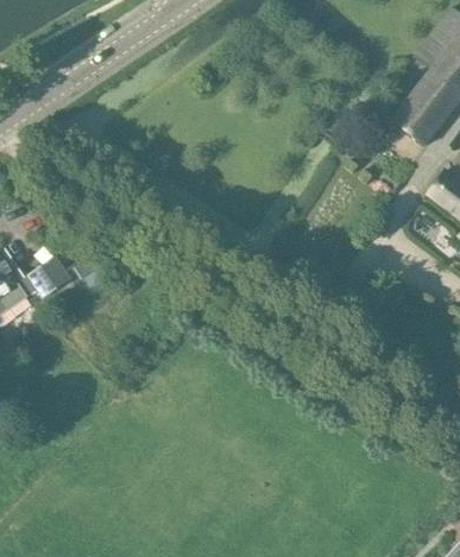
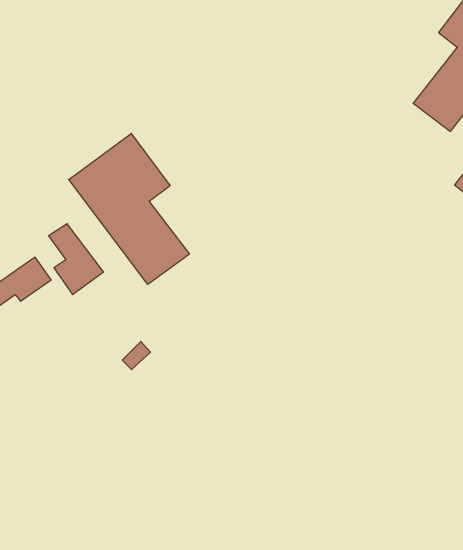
building: none -> [69,133,189,284]

